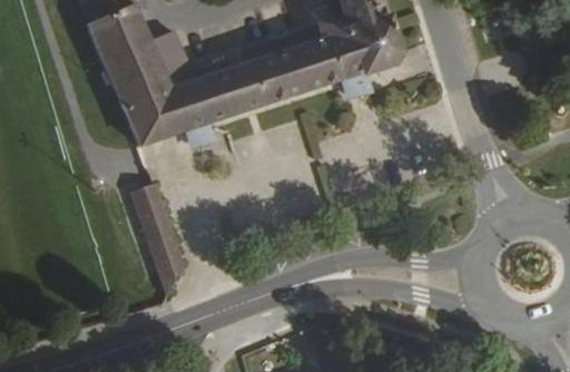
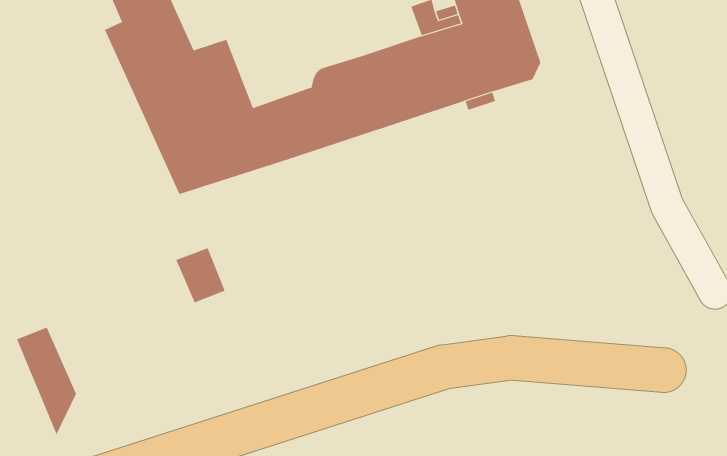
building: [150,216,194,294] -> [16,327,77,436]

